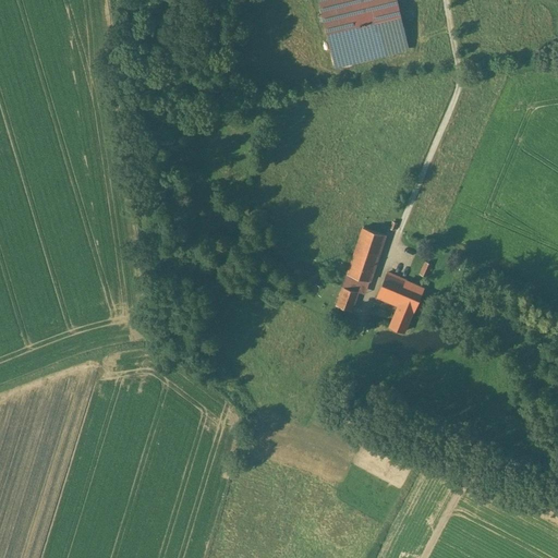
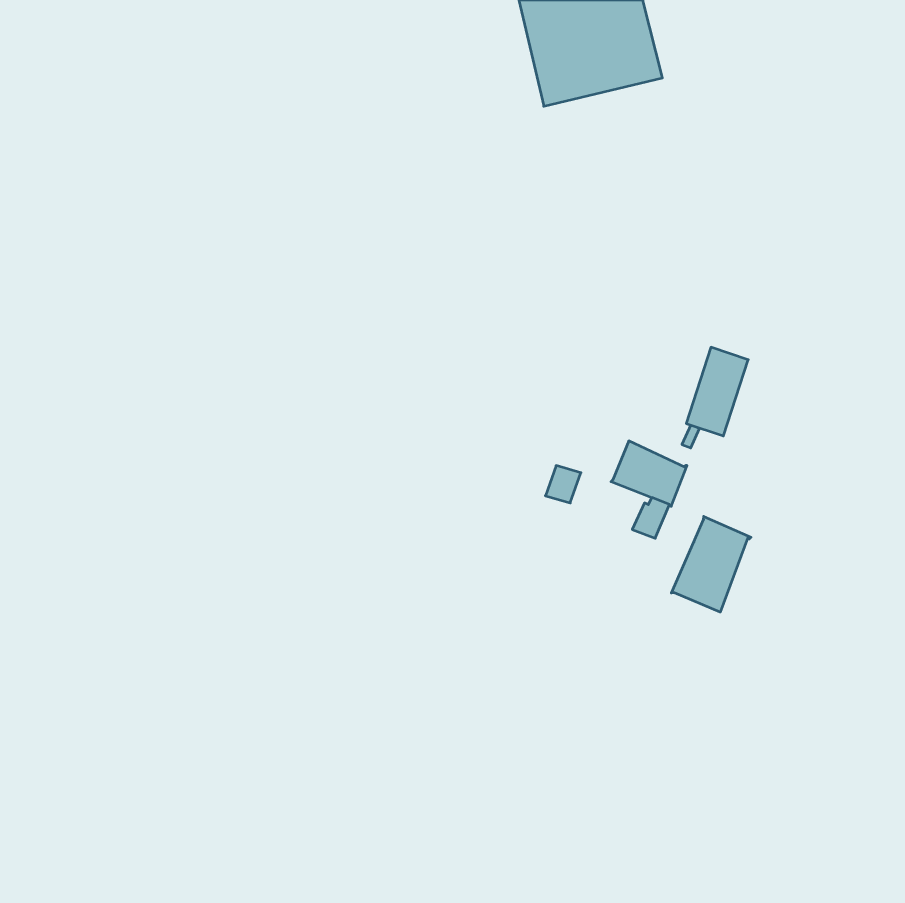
building: [347,228,385,282] -> [686,347,748,436]
building: none -> [671,516,751,612]

